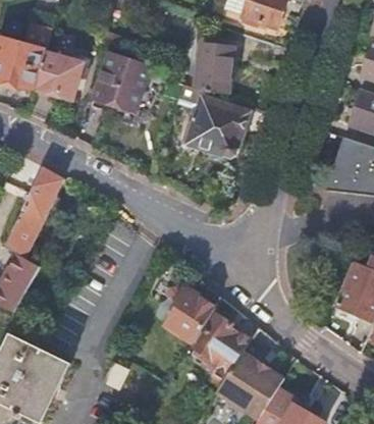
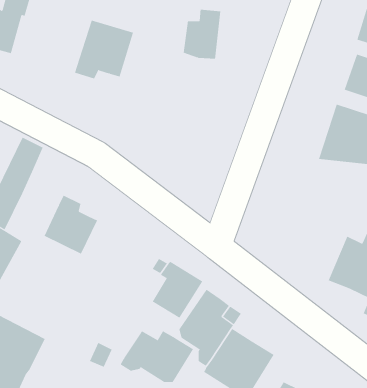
building: [35,53,83,101] -> none
building: [177,86,249,158] -> none
building: none -> [44,195,98,255]
building: none -> [120,330,194,383]

